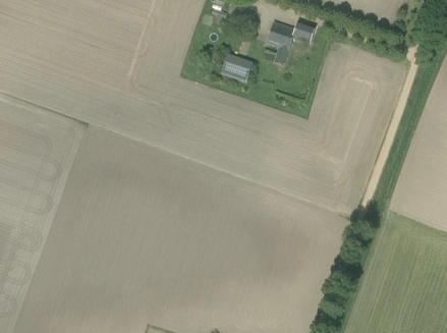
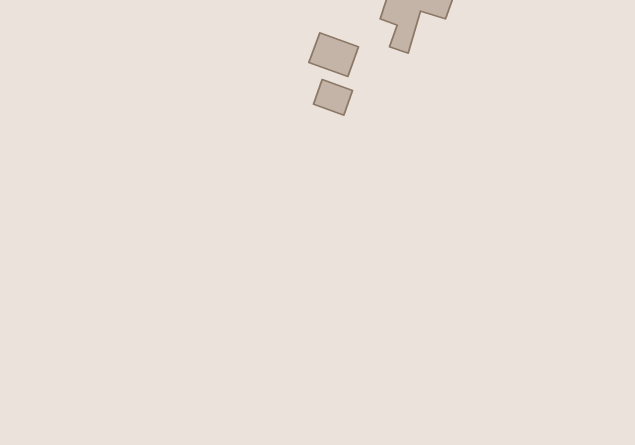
building: none -> [313,79,353,115]

